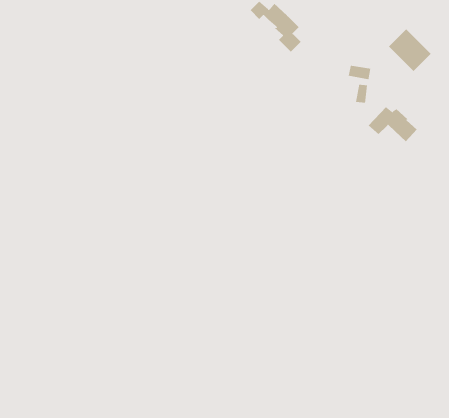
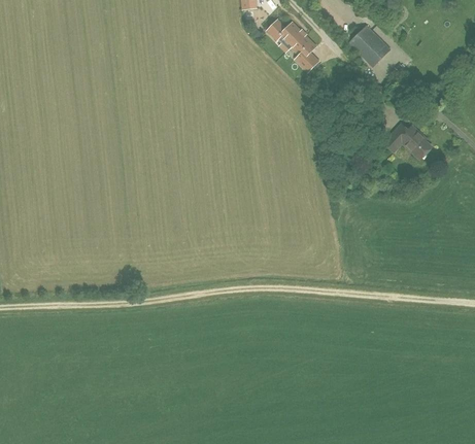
building: [388,29,431,72] -> [348,25,391,67]

